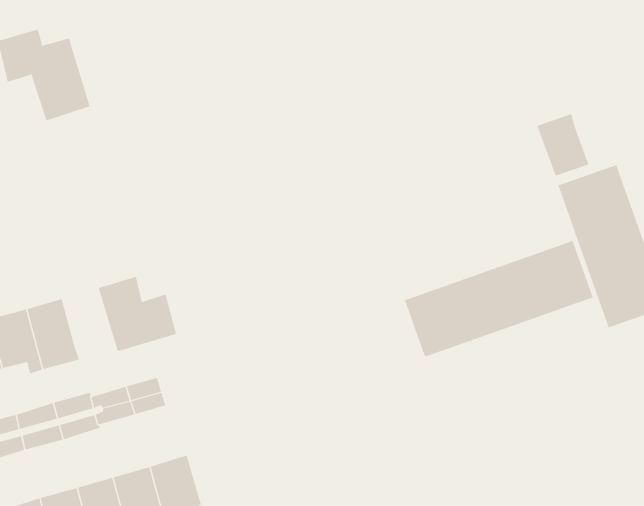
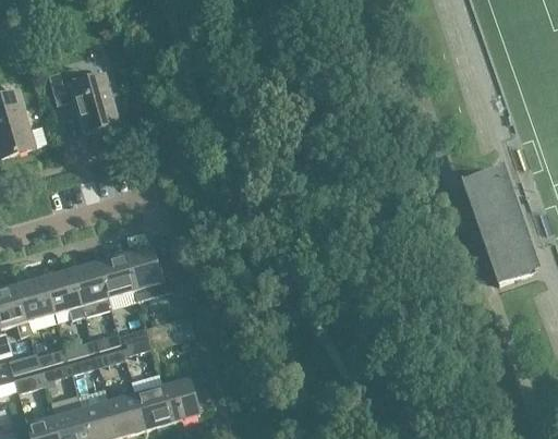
building: [537,113,589,176] -> none
building: [404,240,593,358] -> none
building: none -> [97,254,134,297]

